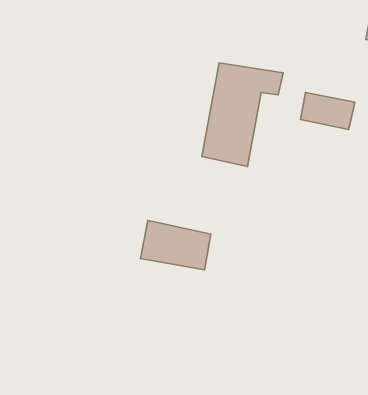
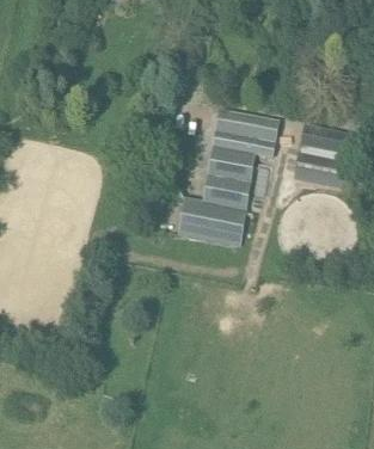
building: [140,220,211,270] -> [178,193,246,241]

